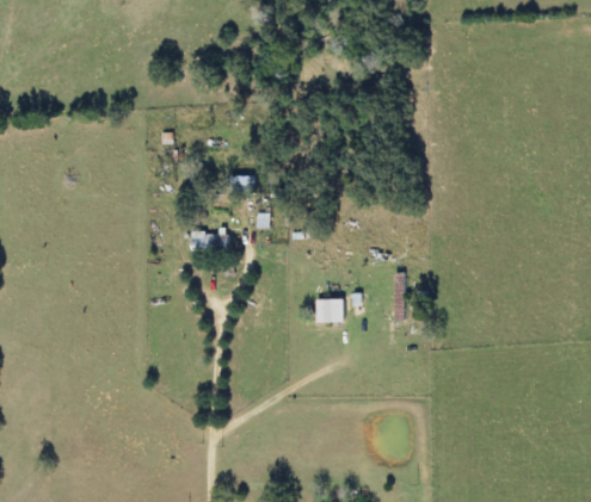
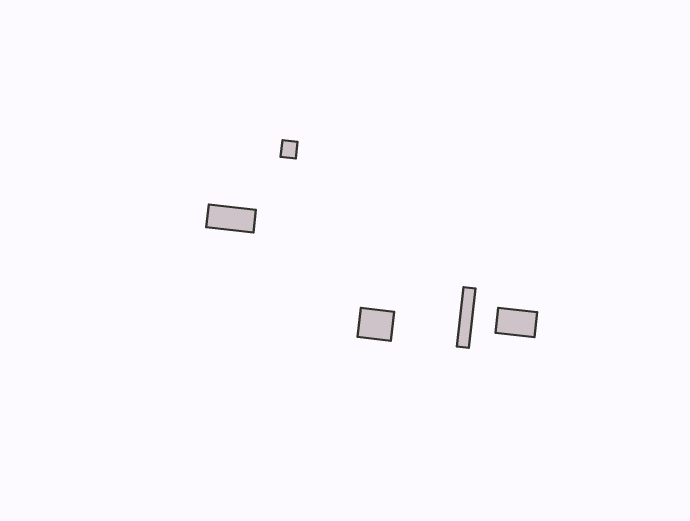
building: none -> [495,308,537,337]

